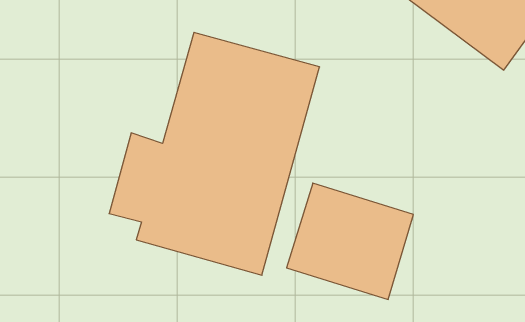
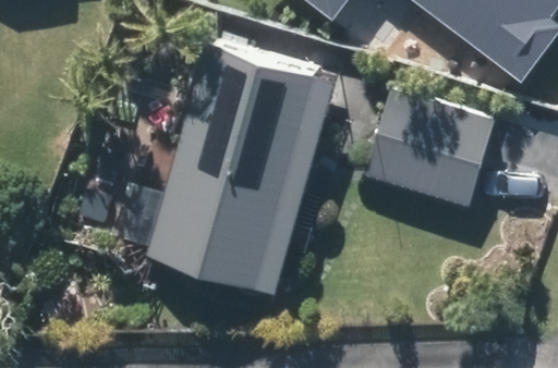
building: [287,183,413,299] -> [366,88,498,209]

